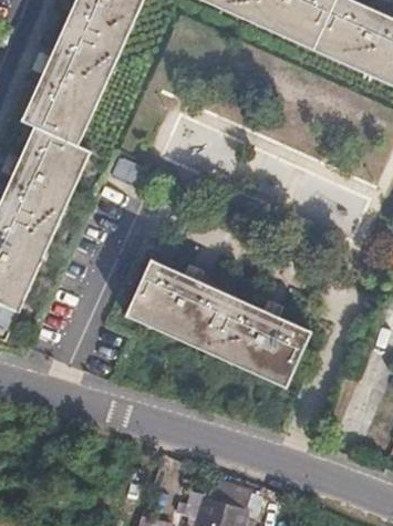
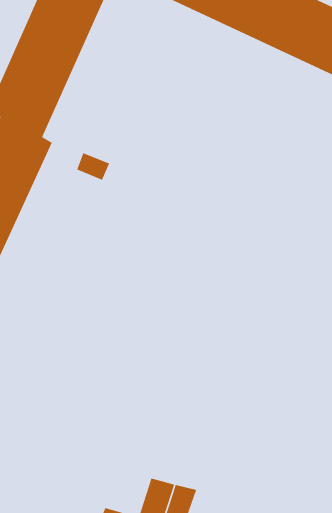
building: [124,260,308,388] -> none

